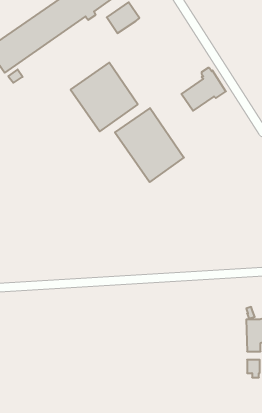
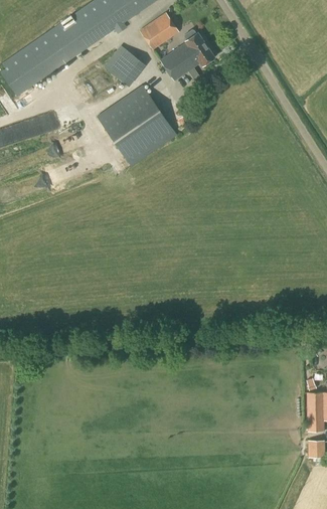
building: none -> [104,43,146,86]
building: [181,68,226,111] -> [161,28,214,79]
building: [115,108,184,182] -> none

